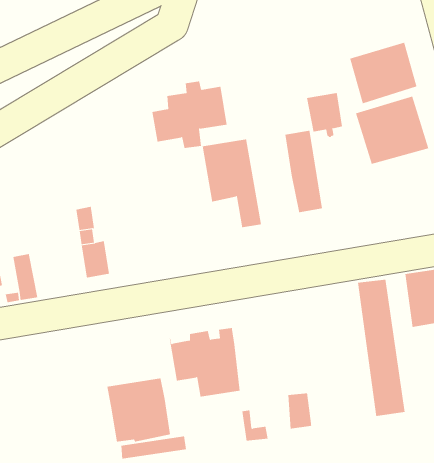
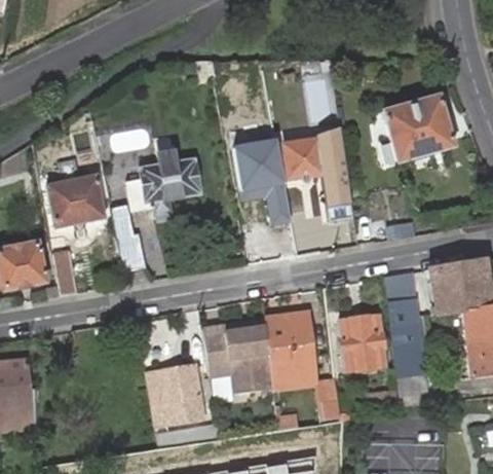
building: [349,42,417,104] -> none
building: [152,81,228,148] -> [128,151,201,216]
building: [306,92,343,138] -> [286,140,320,184]
building: none -> [49,177,106,227]
building: none -> [339,315,386,371]
building: none -> [265,316,316,384]

